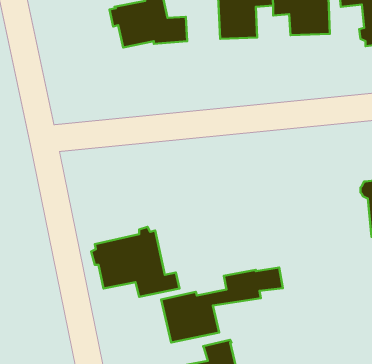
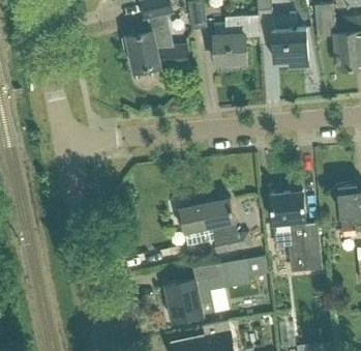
building: none -> [270,191,322,268]
building: [91,227,180,297] -> [176,194,250,253]

